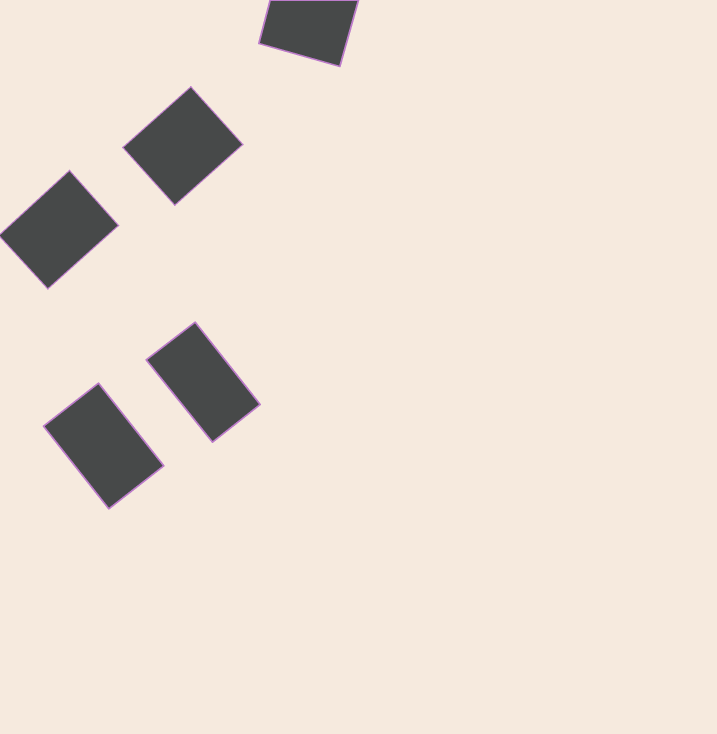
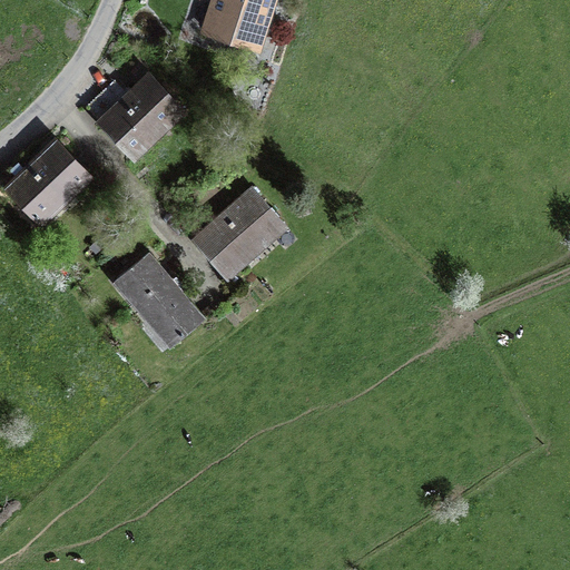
building: none -> [189,185,288,281]
building: [43,383,164,509] -> none

